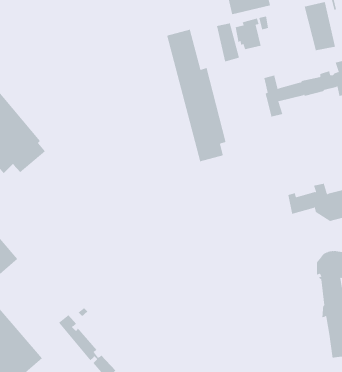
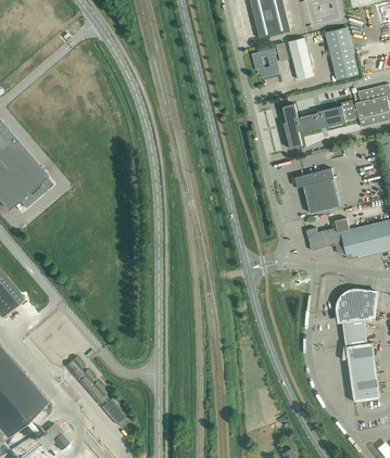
building: [216,23,240,62] -> [288,38,313,79]
building: [167,29,226,162] -> none
building: none -> [293,168,339,213]

